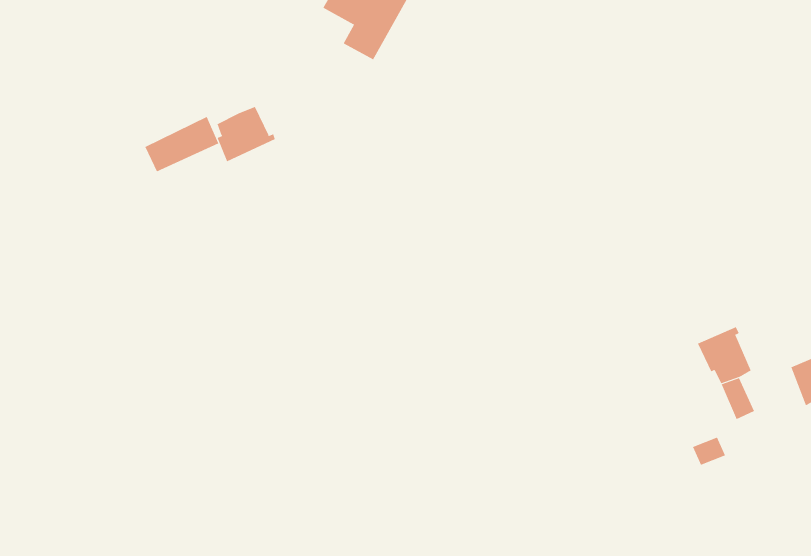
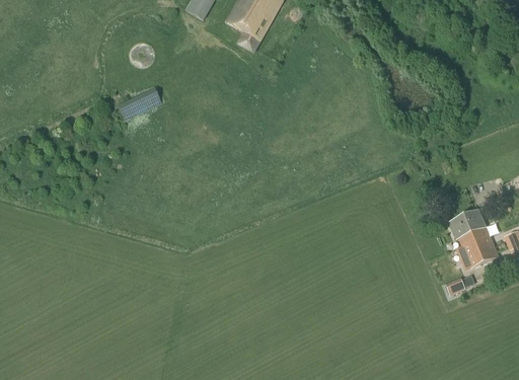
building: [217,106,276,162] -> none
building: none -> [471,208,498,261]

